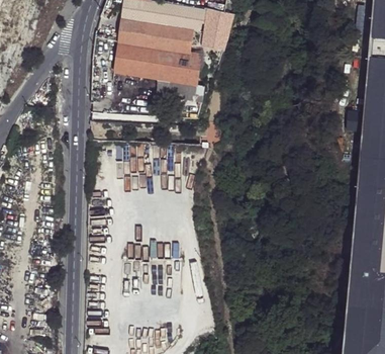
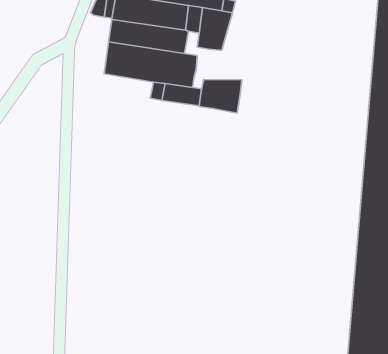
building: none -> [199,79,242,113]

